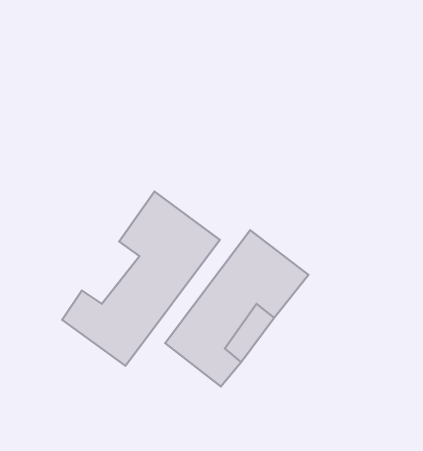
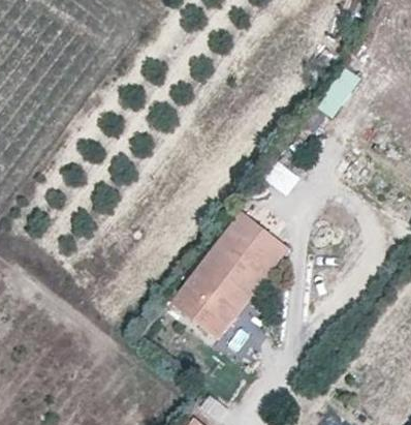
building: [62,191,220,366] -> none

